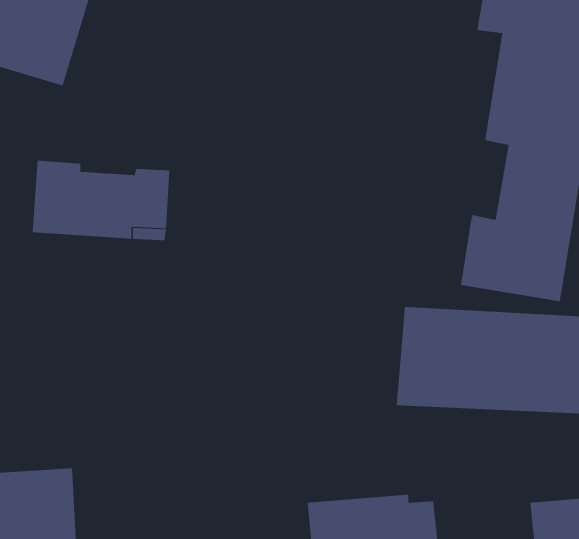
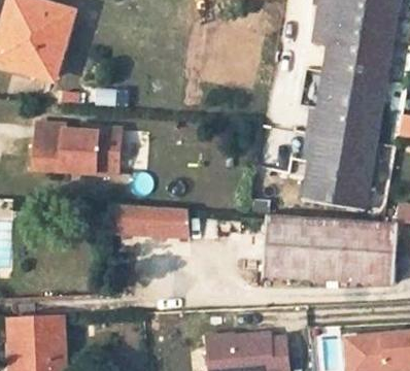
building: none -> [302,107,332,161]
building: none -> [109,202,187,237]

